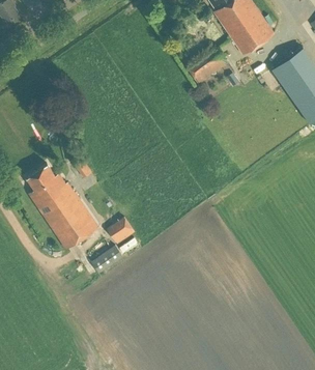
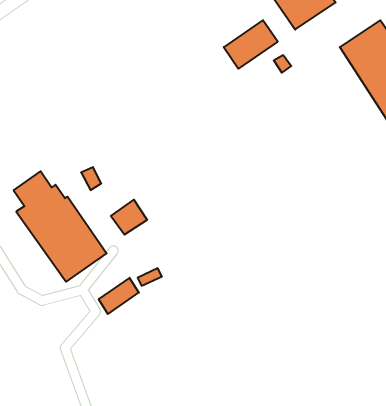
building: [107,217,135,244] -> [111,200,147,235]

